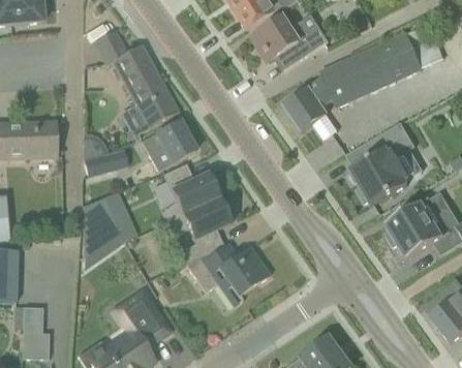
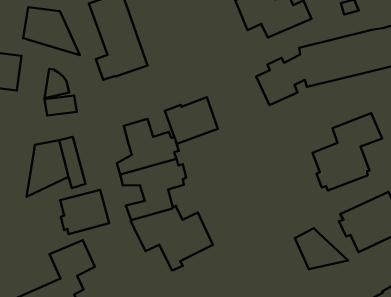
building: none -> [23,7,80,55]
building: [142,120,195,170] -> [165,97,218,144]
building: none -> [60,190,109,234]
building: none -> [295,228,348,269]

